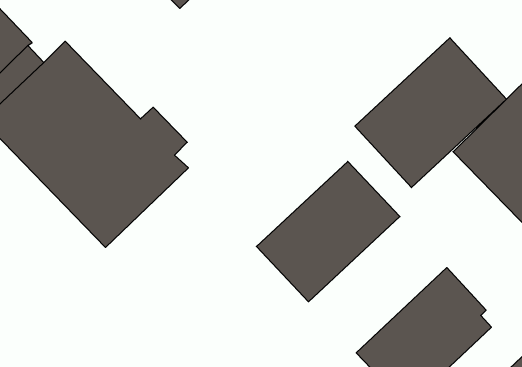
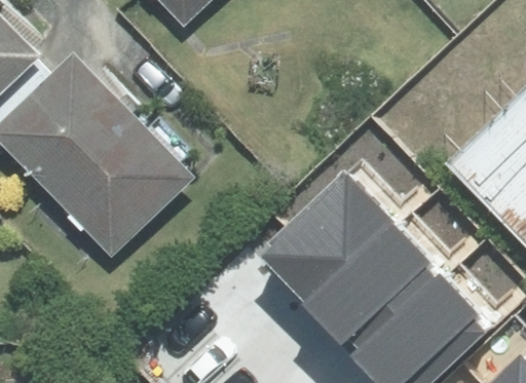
building: [355,38,506,188] -> none
building: none -> [308,225,442,356]

